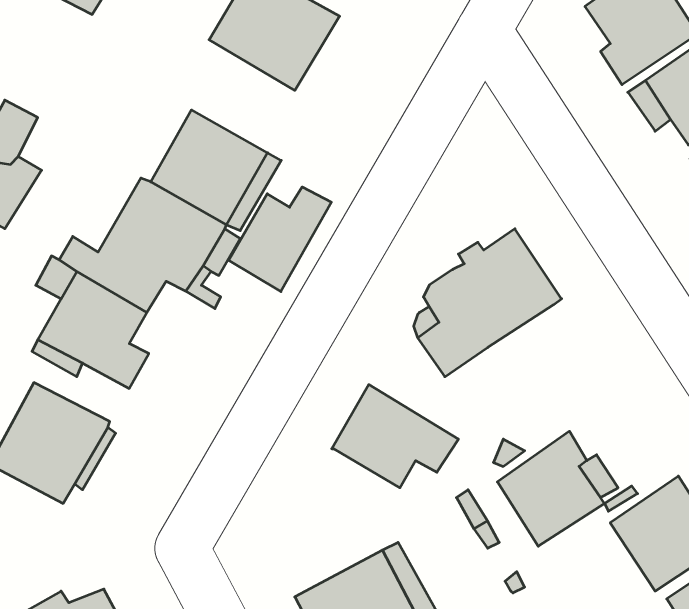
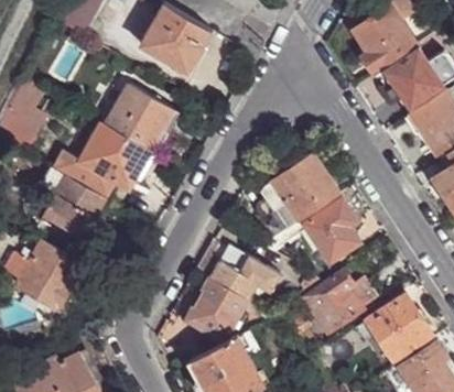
building: [228,187,331,292] -> none
building: none -> [259,196,358,263]
building: none -> [184,277,248,340]

